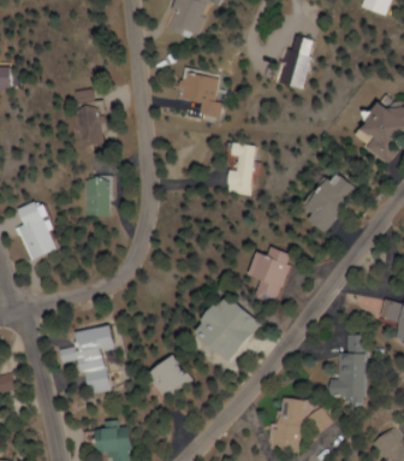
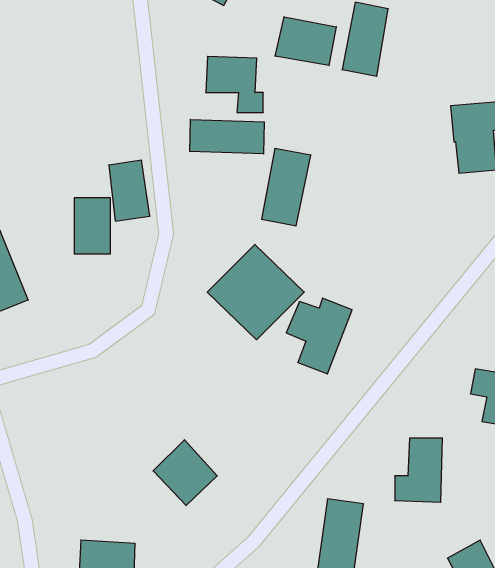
building: none -> [275,17,336,66]
building: [77,104,107,148] -> [109,160,150,221]
building: none -> [190,119,264,154]
building: [299,170,358,235] -> none
building: [190,294,261,364] -> [207,244,304,340]
building: [60,325,117,397] -> none

